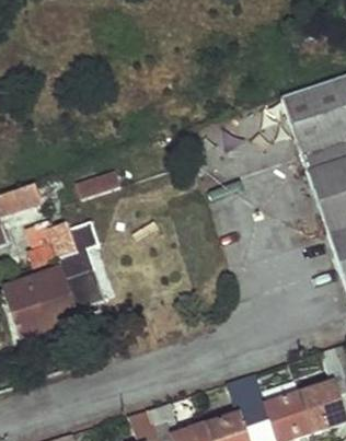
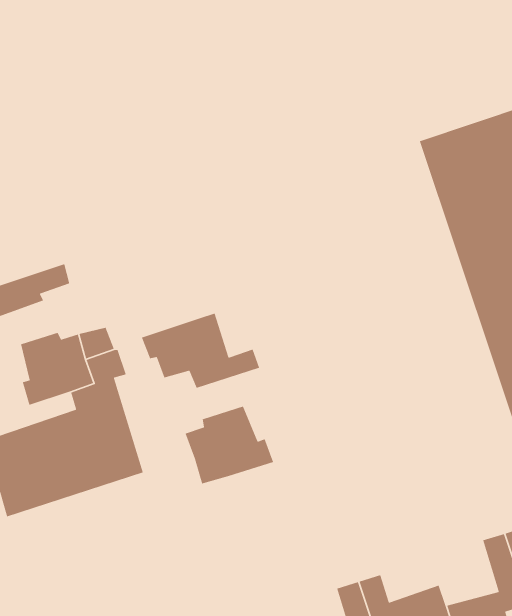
building: none -> [141,312,260,389]
building: none -> [184,405,274,485]

